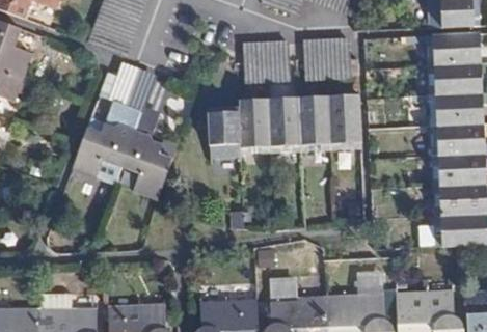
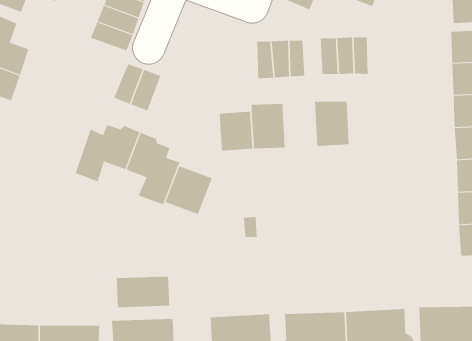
building: [330,99,362,141] -> none
building: [270,101,301,144] -> none
building: none -> [165,166,213,215]
building: none -> [116,276,170,308]

